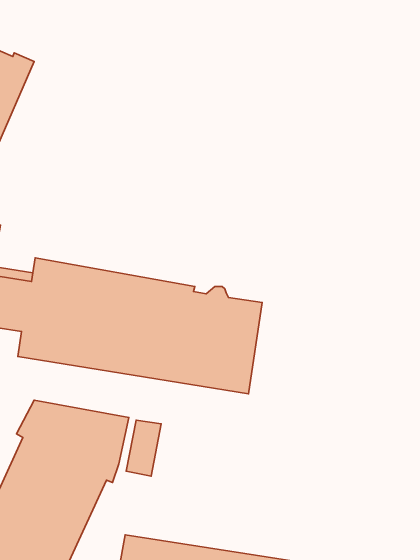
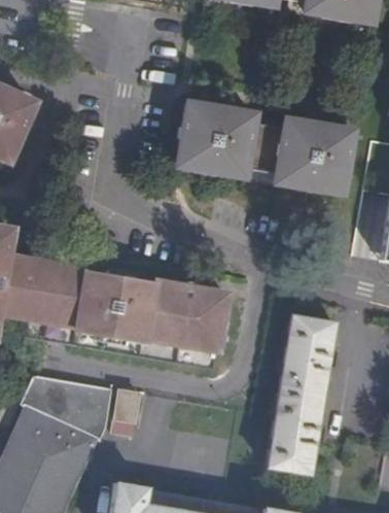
building: none -> [176,98,352,195]
building: none -> [266,314,339,477]

